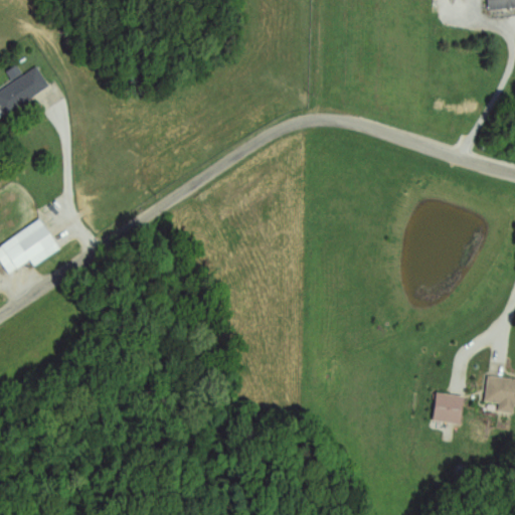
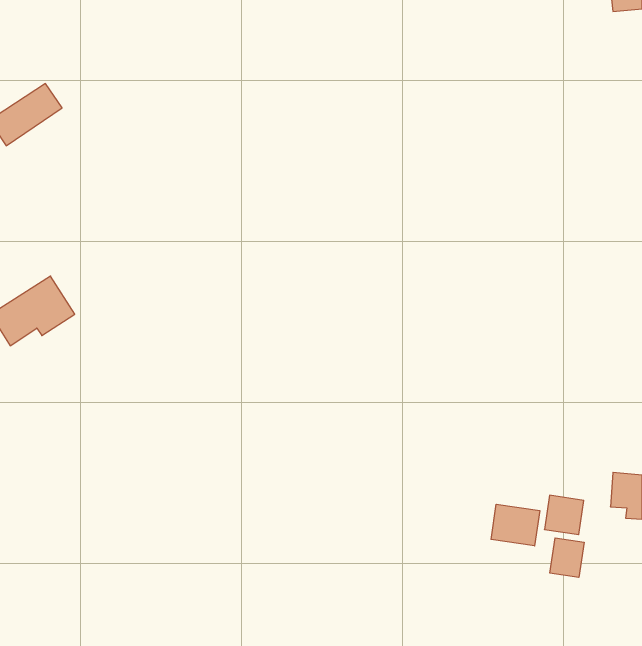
building: none -> [491,504,540,546]
building: none -> [550,538,584,577]

